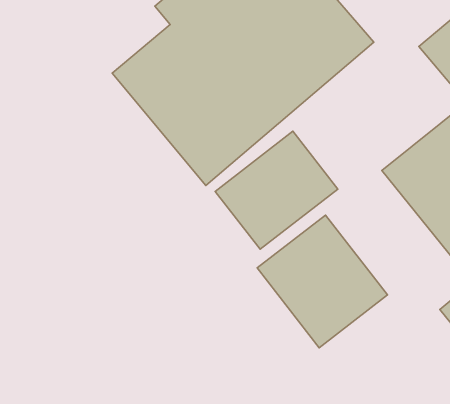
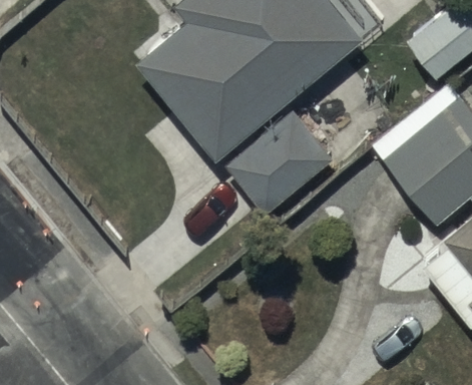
building: [257,215,387,348] -> none

